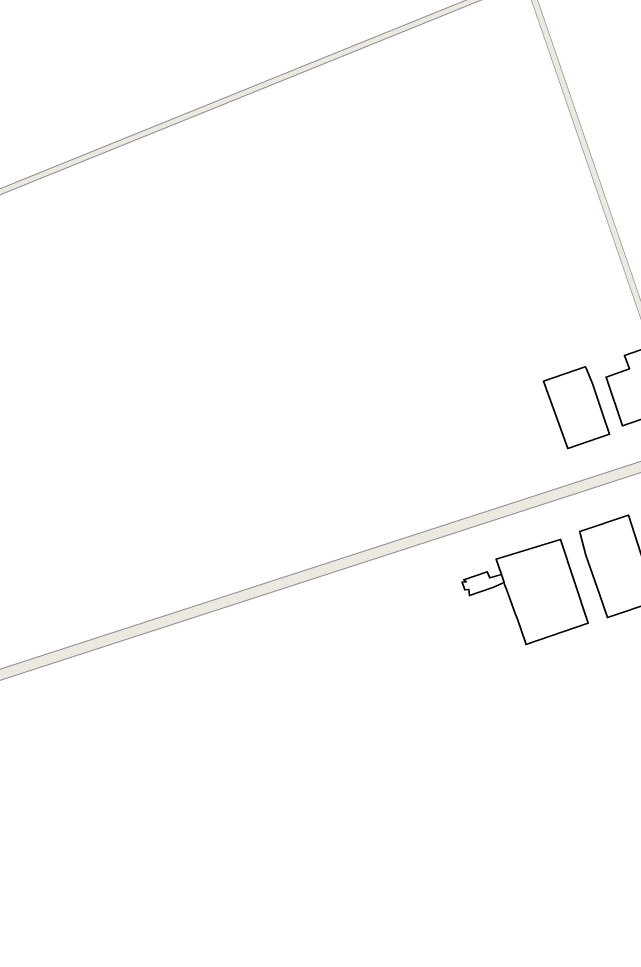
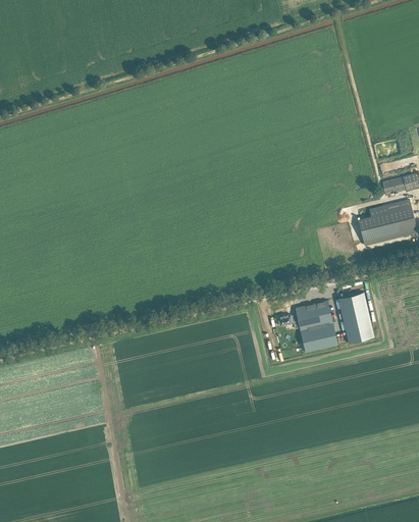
building: [544,367,609,449] -> none

